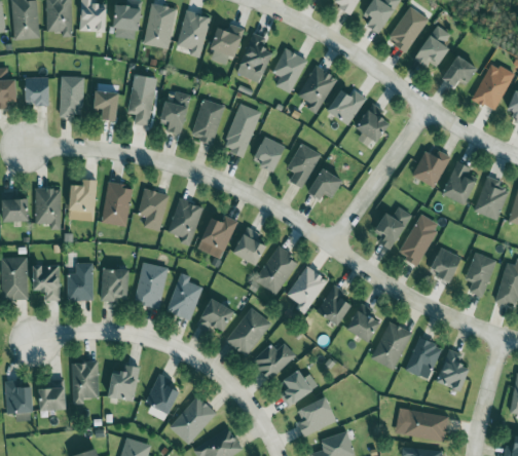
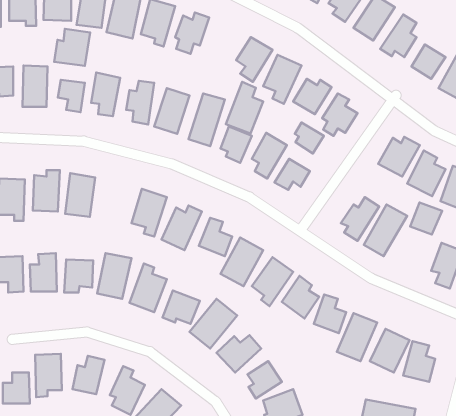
building: [236,32,273,83] -> [226,82,263,134]
building: none -> [54,29,90,66]
building: none -> [295,122,324,154]
building: [139,189,168,231] -> none
building: [431,249,462,280] -> [410,202,442,235]

